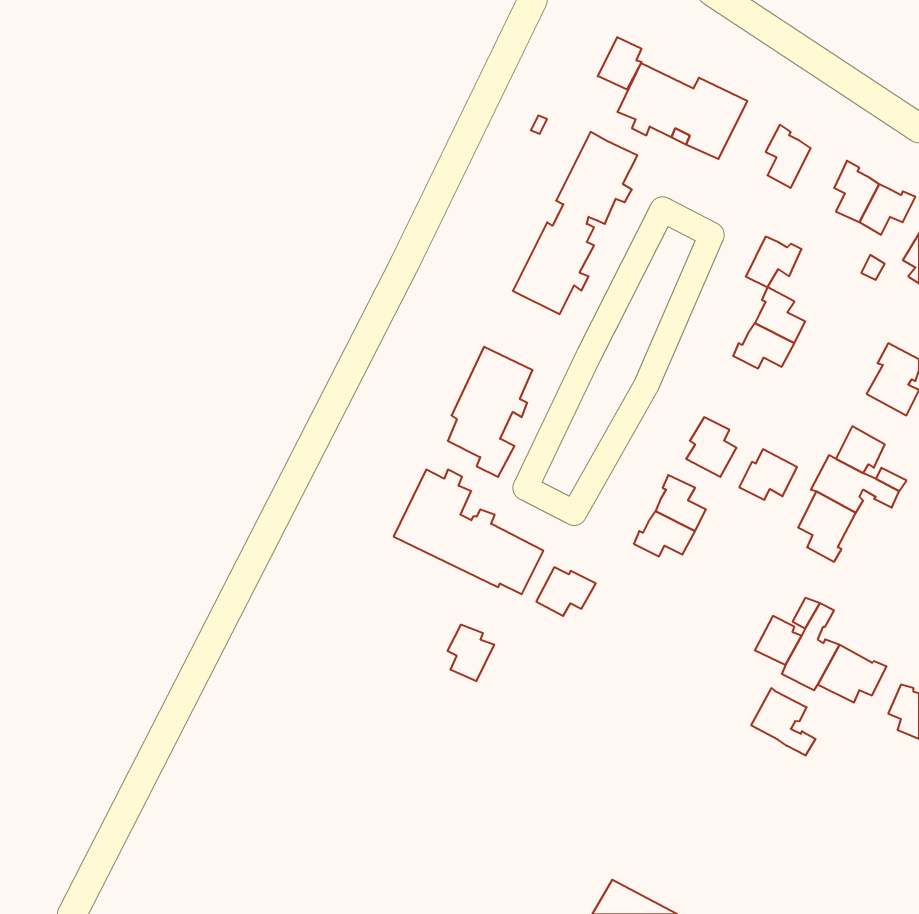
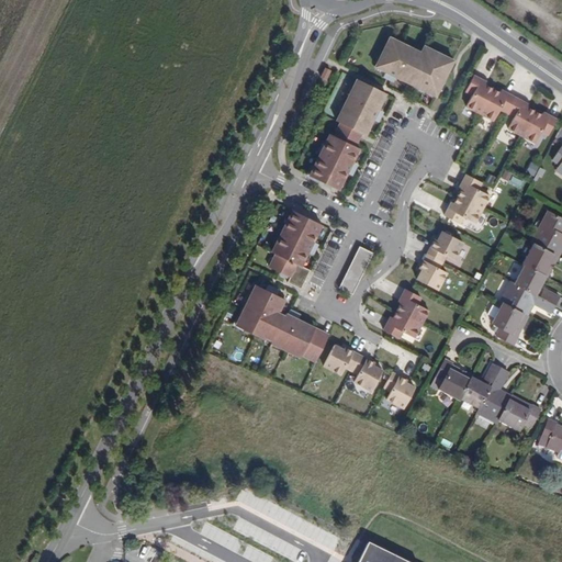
building: [598,37,642,90] -> none
building: [746,237,802,287] -> [481,90,515,121]
building: none -> [517,239,551,271]
building: none -> [339,243,371,290]
building: [739,449,797,500] -> [428,231,463,261]
building: none -> [353,355,384,391]
building: none -> [435,355,472,396]
building: none -> [385,372,416,408]
building: [448,625,494,681] -> none
building: [751,688,816,756] -> none

